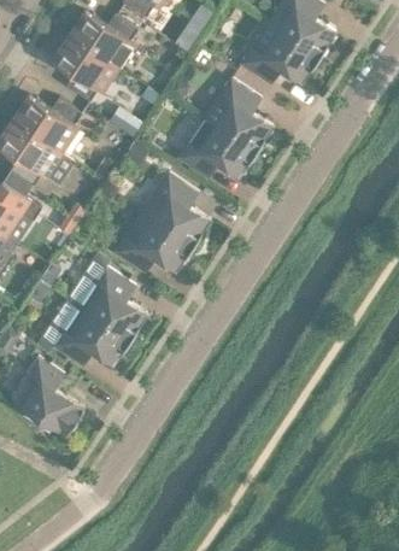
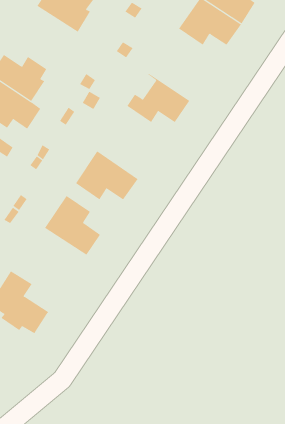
building: [51,35,118,100] -> none
building: [204,78,271,151] -> none
building: [141,172,209,246] -> none
building: [51,305,129,365] -> none

